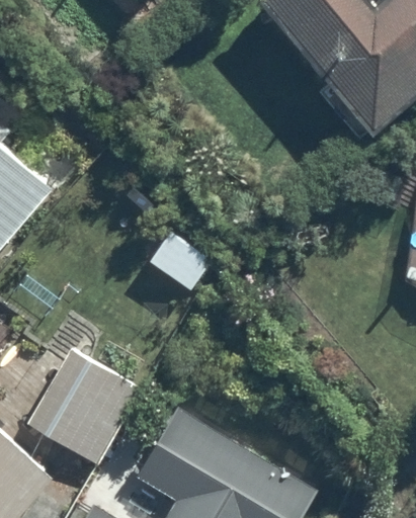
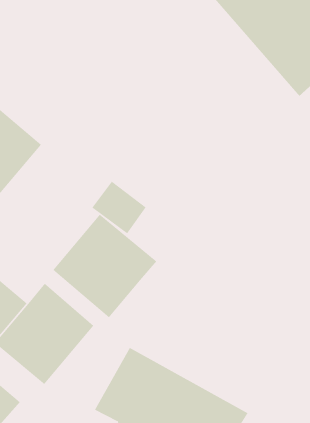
building: none -> [53,214,157,318]

